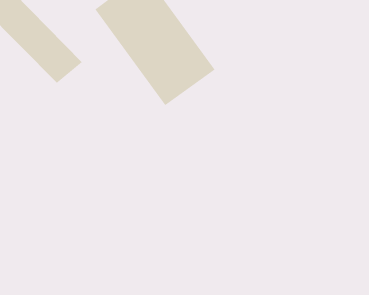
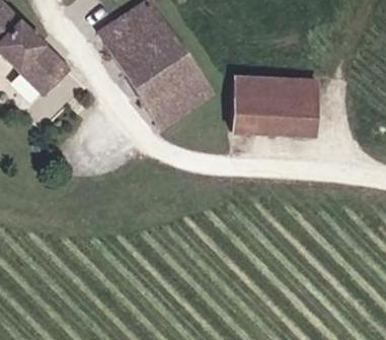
building: none -> [231,72,306,133]

